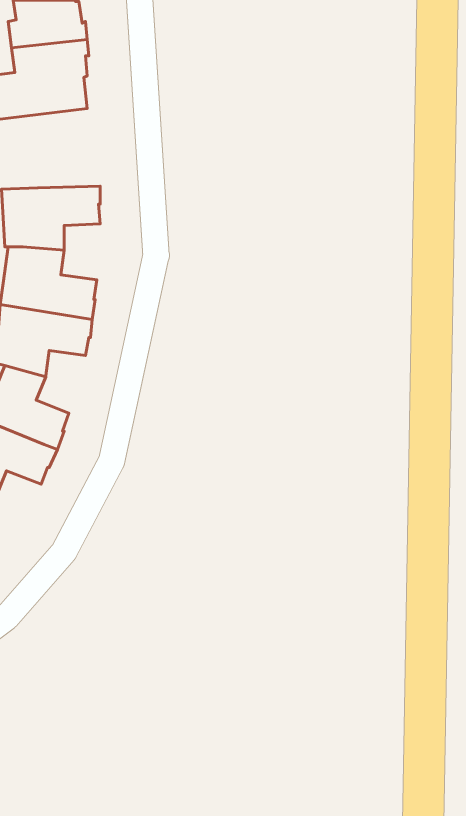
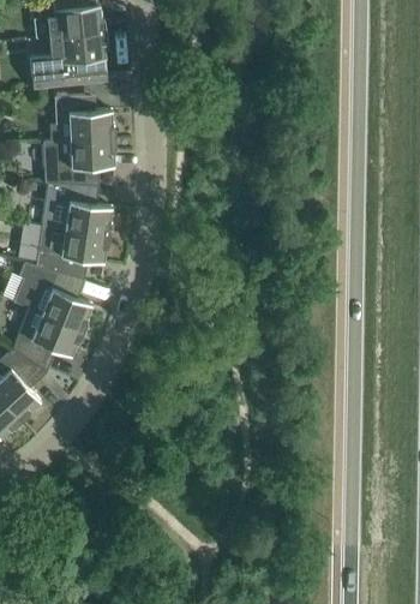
building: none -> [54,96,114,140]

